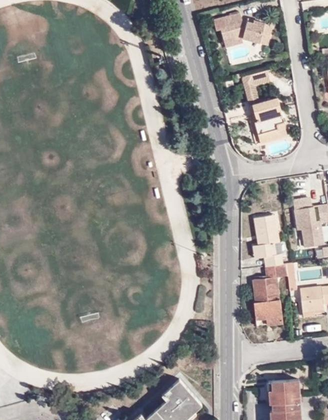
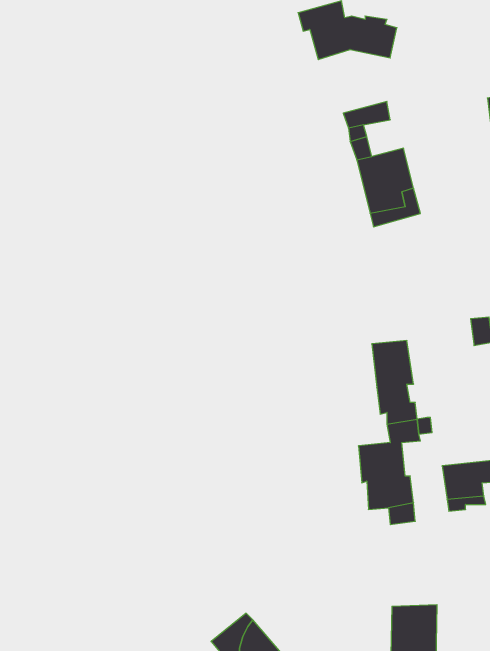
building: [293,205,322,246] -> none

